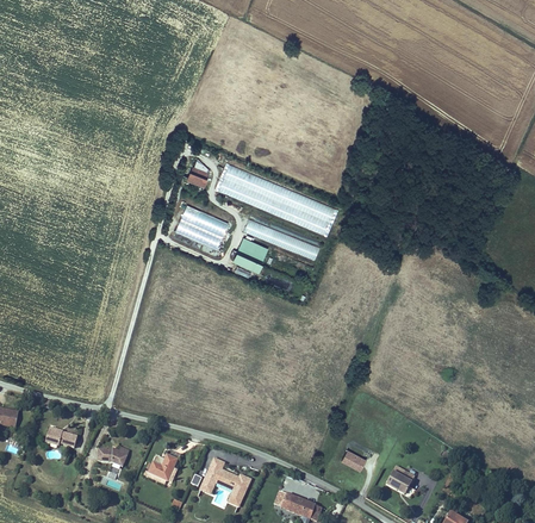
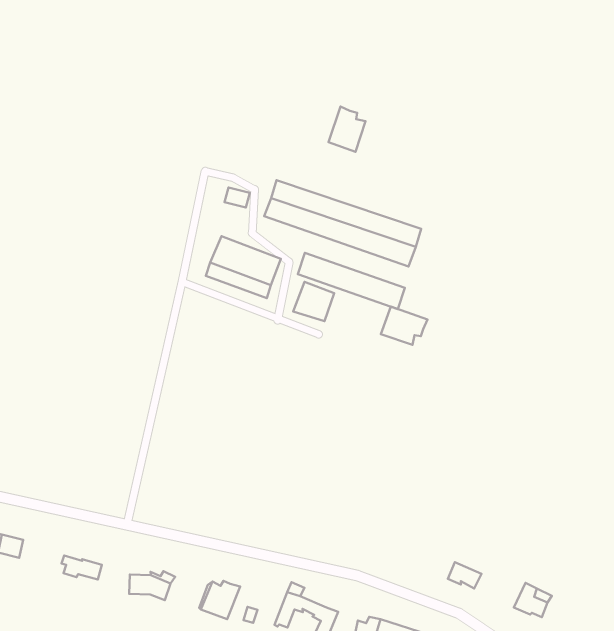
building: none -> [328,107,365,152]
building: none -> [381,307,428,345]

